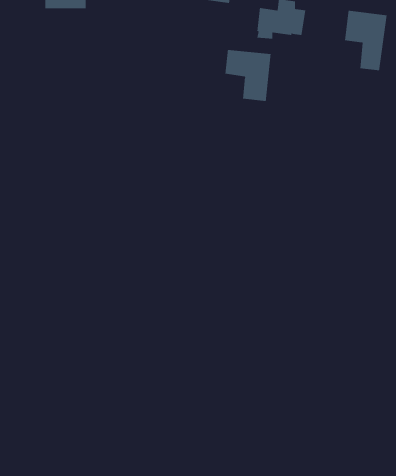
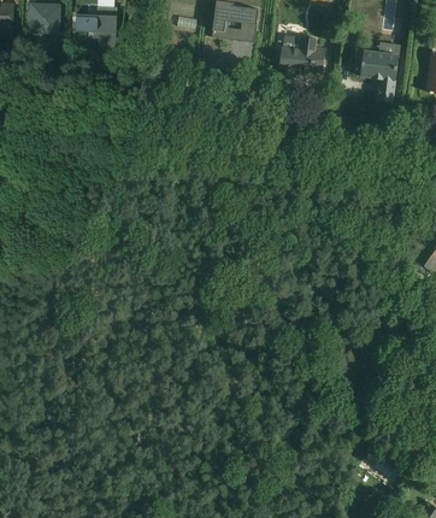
building: [225,49,271,102] -> none

